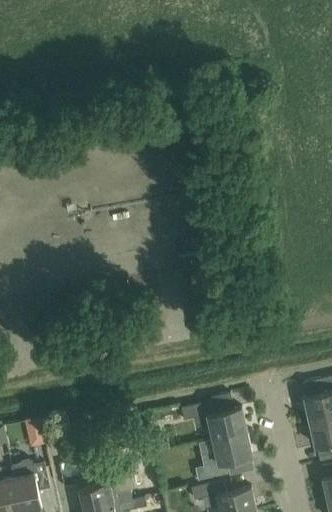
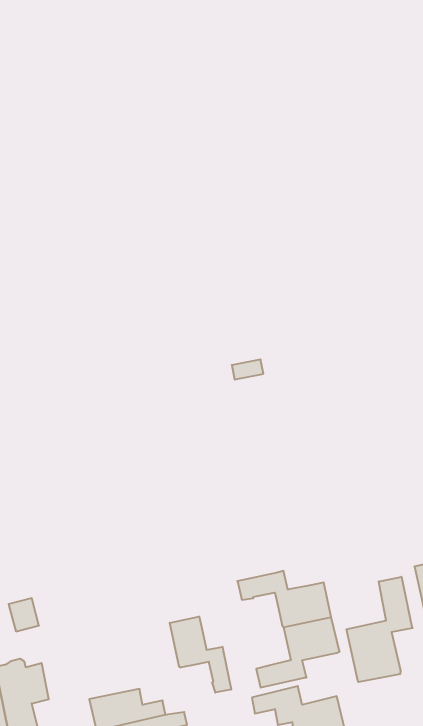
building: none -> [346,577,413,682]
building: none -> [170,616,231,693]

